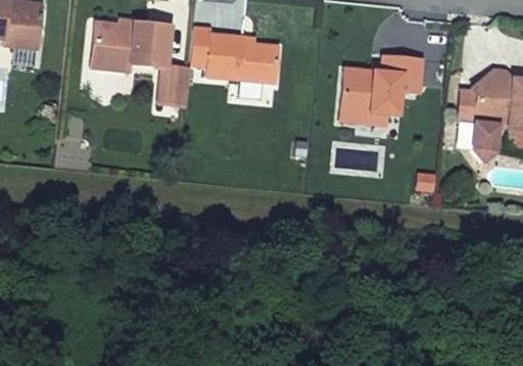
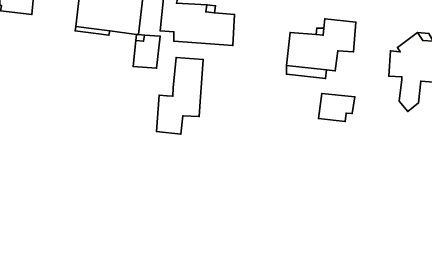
building: none -> [157,58,203,134]
building: none -> [318,94,355,121]

